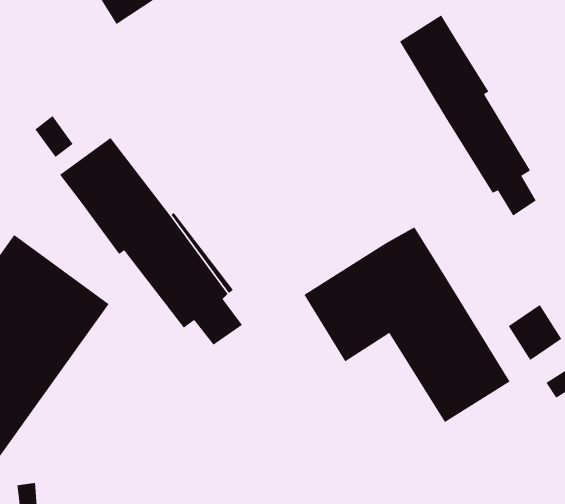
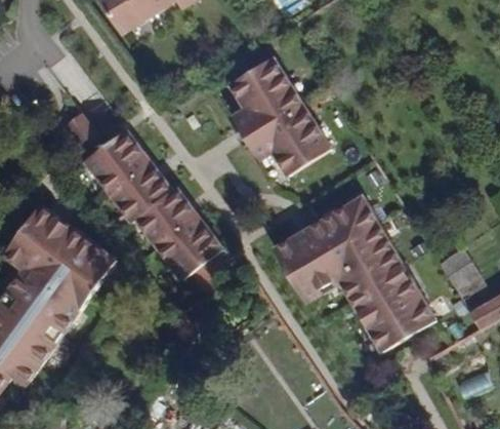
building: [399,15,537,216] -> none
building: none -> [227,53,329,173]

